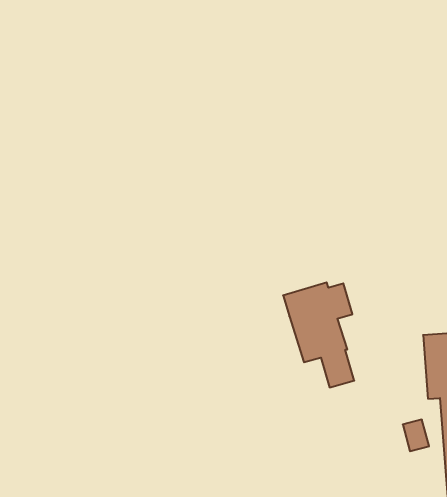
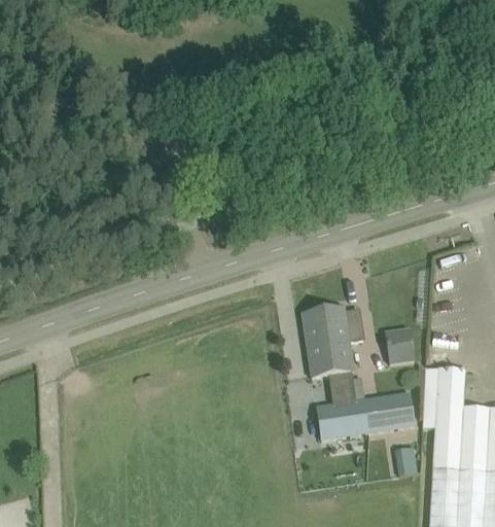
building: none -> [385,328,414,362]
building: none -> [316,392,415,440]

